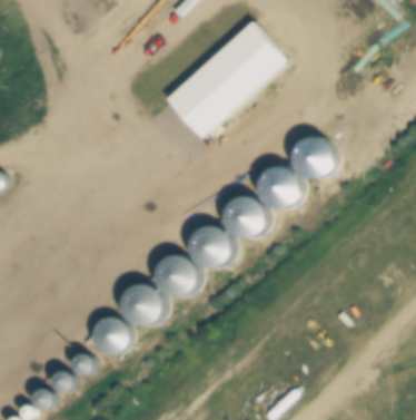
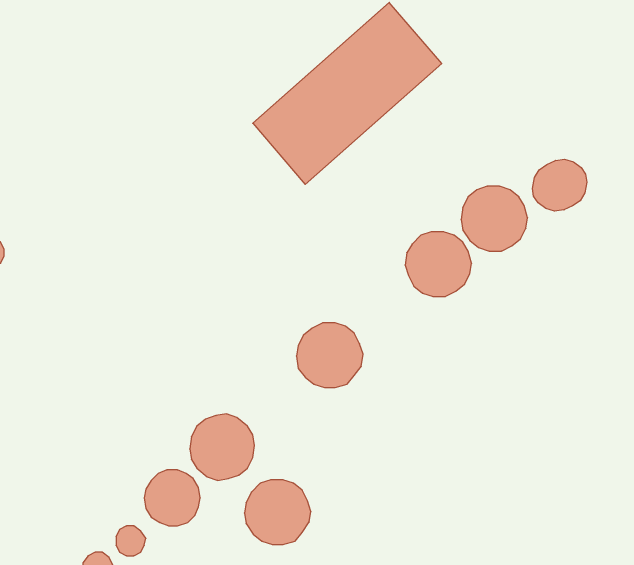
building: none -> [532,159,587,211]
building: [225,196,267,237] -> none
building: [156,255,198,296] -> [244,480,311,545]

